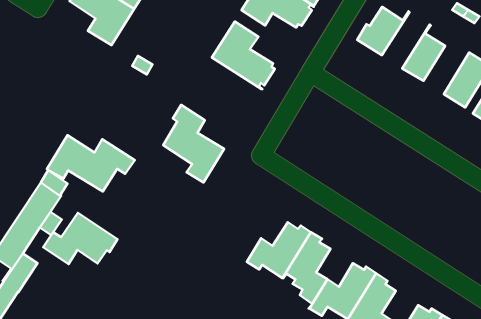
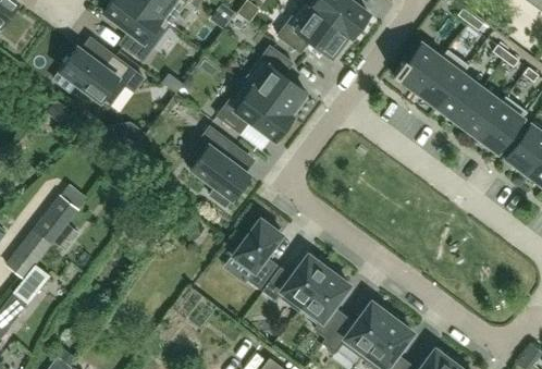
building: none -> [417,50,468,107]
building: none -> [457,87,506,136]
building: none -> [218,81,292,139]
building: [47,135,135,192] -> [53,47,144,107]
building: none -> [233,218,282,287]
building: [43,213,118,264] -> none

